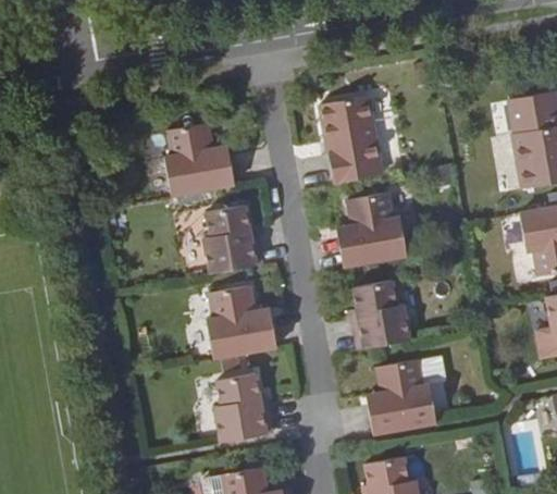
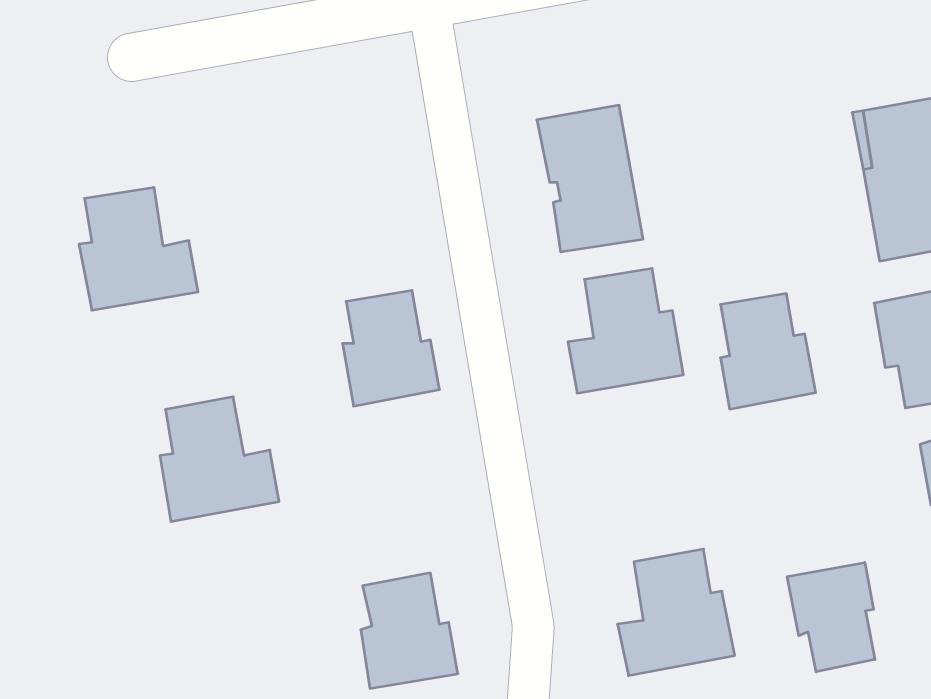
building: [163,123,234,196] -> [79,187,198,310]
building: [352,281,409,349] -> [720,294,816,409]
building: [206,285,276,359] -> [160,397,279,522]
building: none -> [787,562,875,672]

